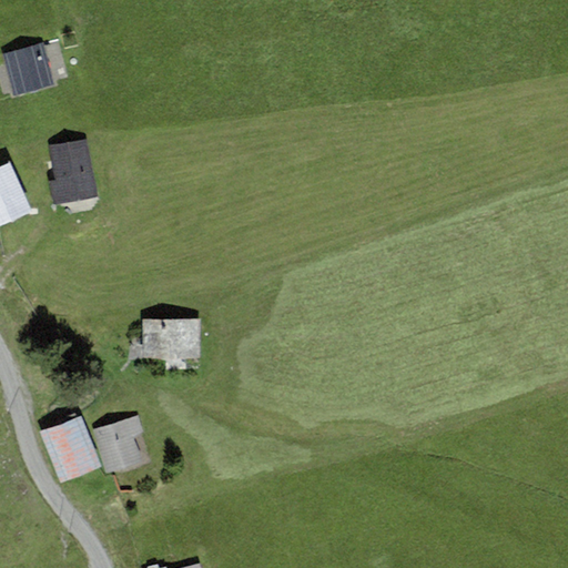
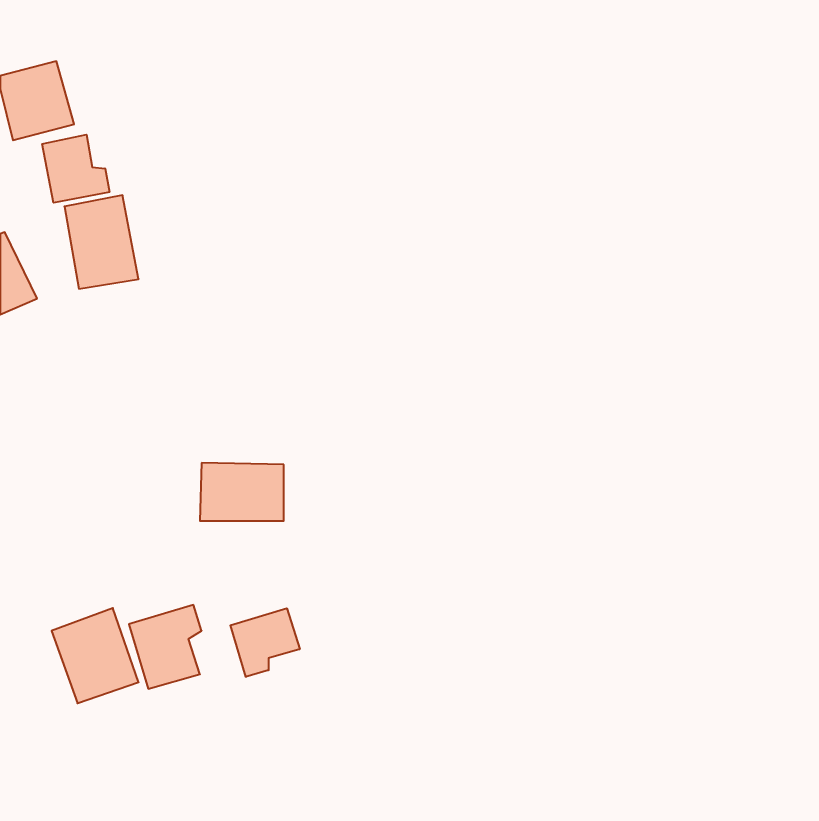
building: none -> [42,135,109,203]
building: none -> [230,608,300,677]

